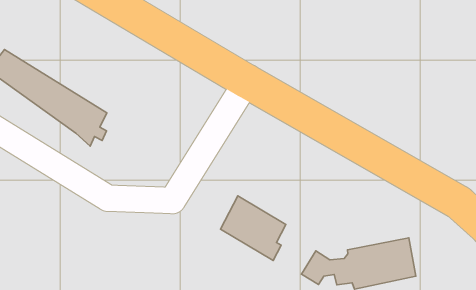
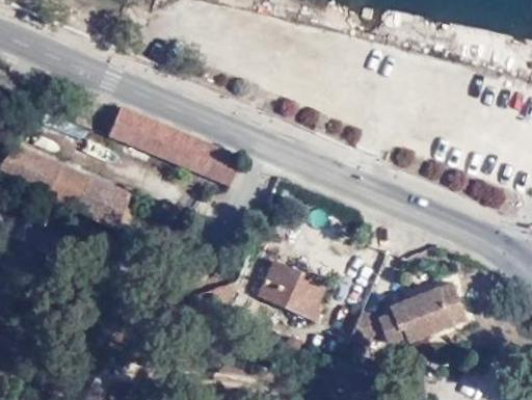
building: none -> [110,106,237,189]

